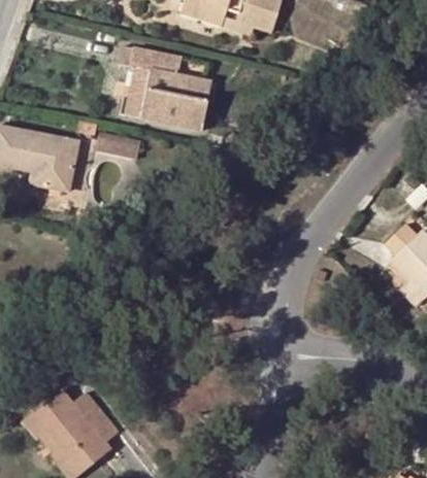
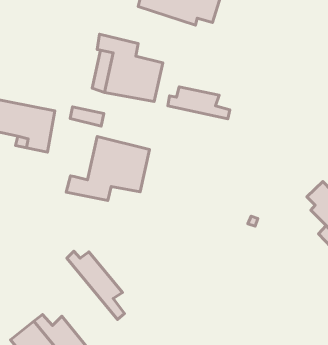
building: none -> [168,87,230,119]
building: none -> [66,137,149,200]
building: none -> [67,251,125,319]

